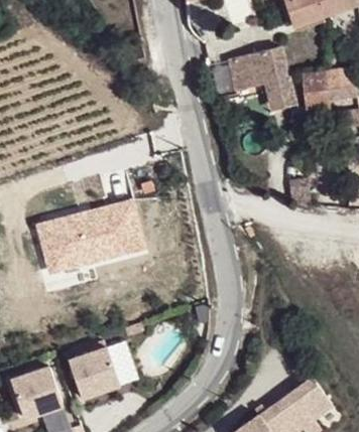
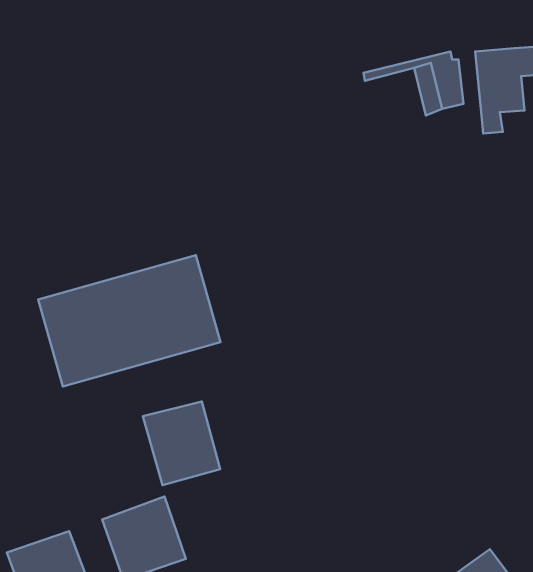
building: [228,46,286,86] -> none
building: none -> [143,401,220,485]

